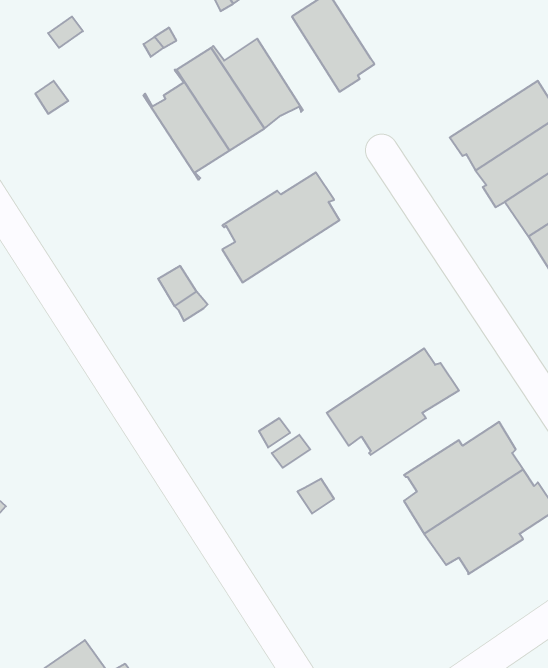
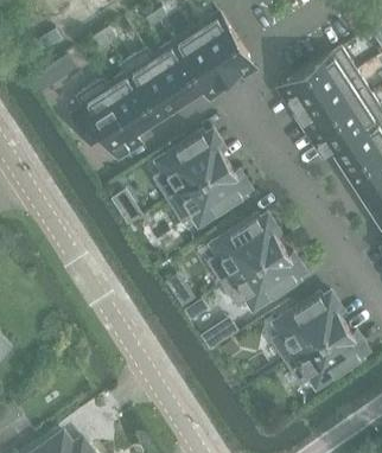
building: none -> [174,31,228,91]
building: none -> [286,49,356,109]
building: none -> [72,82,136,153]
building: none -> [165,162,250,230]
building: none -> [206,215,282,287]

